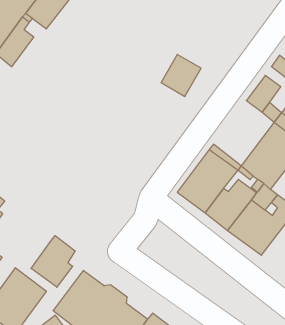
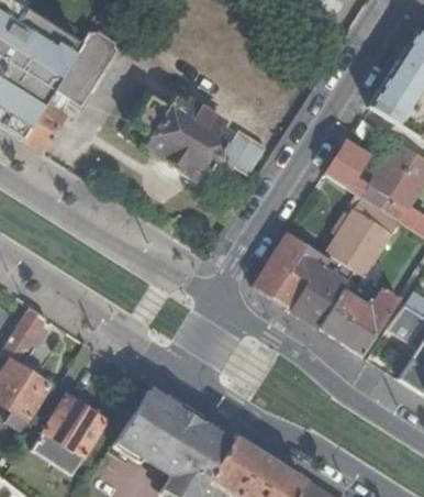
building: none -> [127,95,232,179]
building: [31,236,75,287] -> none

